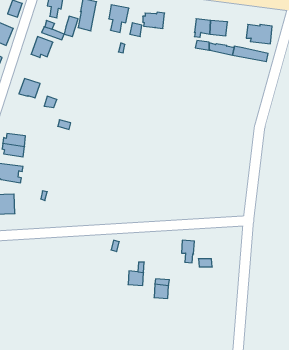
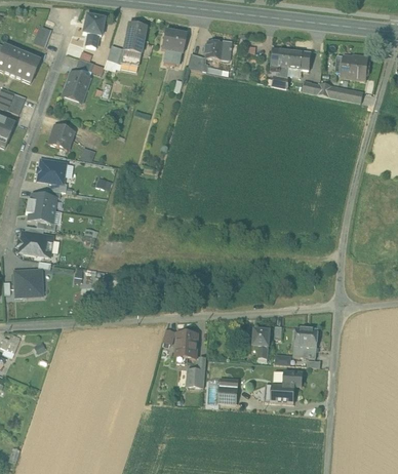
building: none -> [38,159,64,183]
building: none -> [293,326,319,357]
building: none -> [176,331,197,357]
building: none -> [265,369,303,402]

